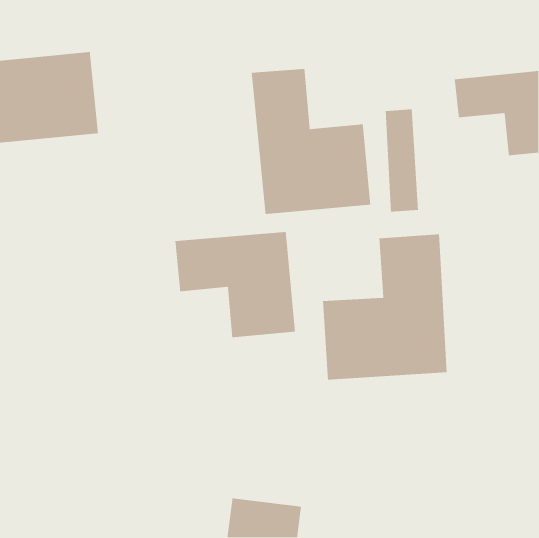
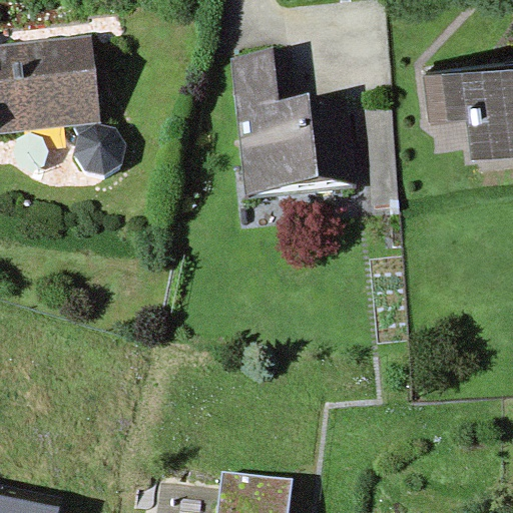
building: [174,231,296,338] -> none
building: [322,233,448,381] -> none

